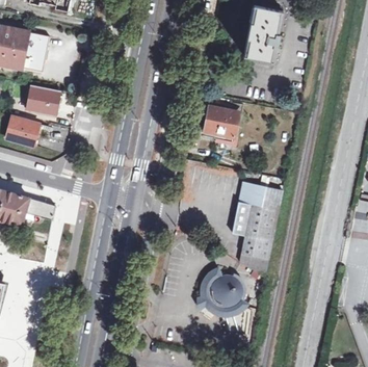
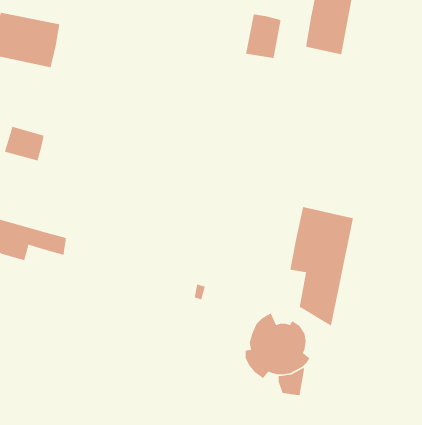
building: none -> [245,13,281,59]
building: [28,86,63,116] -> none
building: [206,101,244,142] -> none

